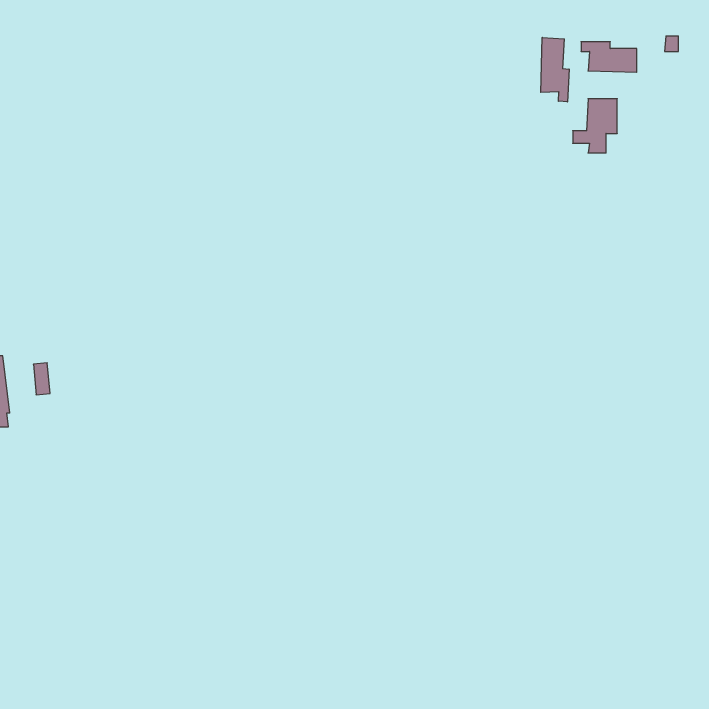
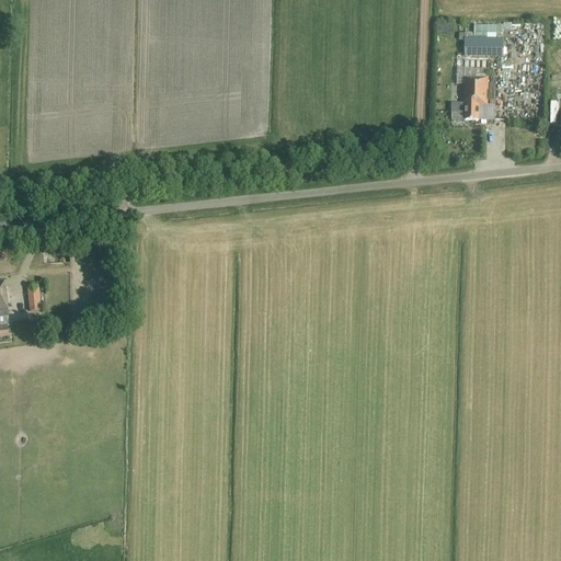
building: [541,37,569,102] -> none

